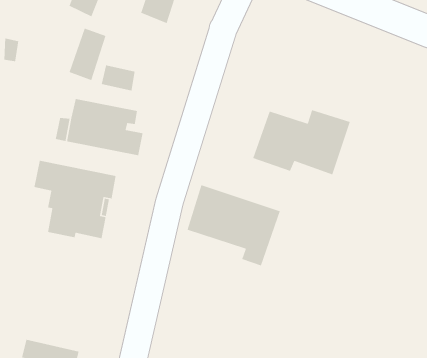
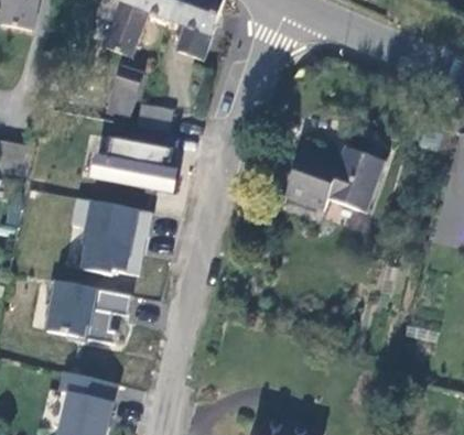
building: [186,184,281,266] -> none
building: none -> [44,280,131,345]

